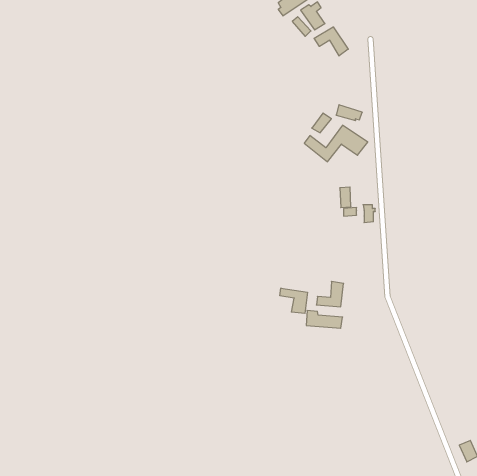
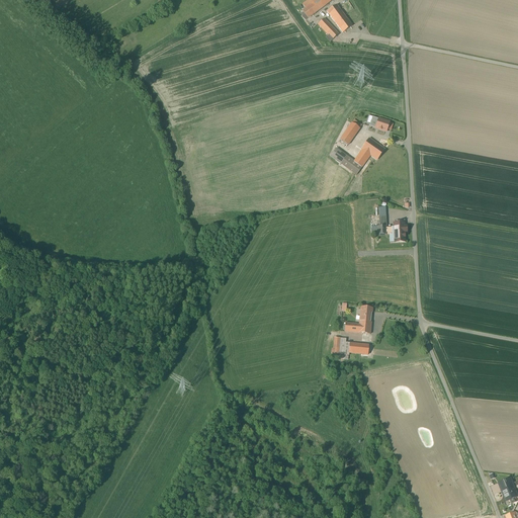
building: [314,27,348,56] -> none
building: [280,288,307,313] -> none

